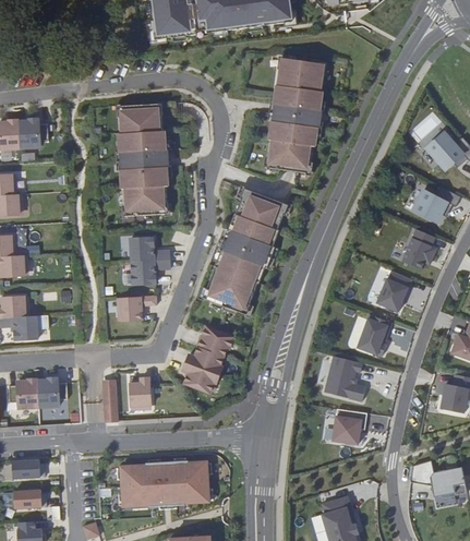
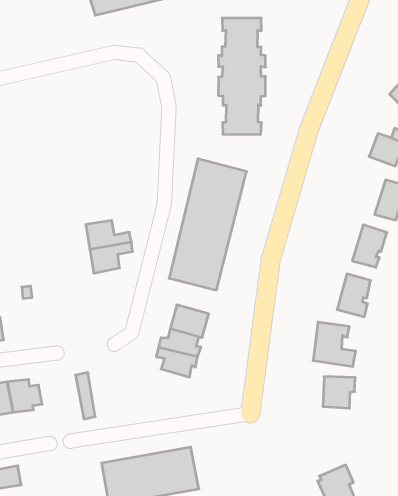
building: [115,104,171,217] -> none
building: [116,296,153,321] -> none
building: [130,376,152,410] -> none

